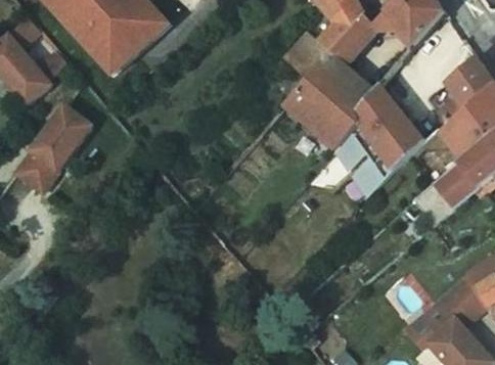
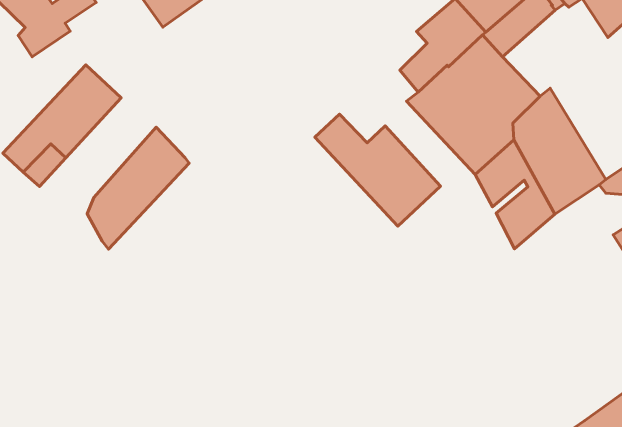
building: none -> [315,114,441,226]
building: none -> [87,127,189,249]

